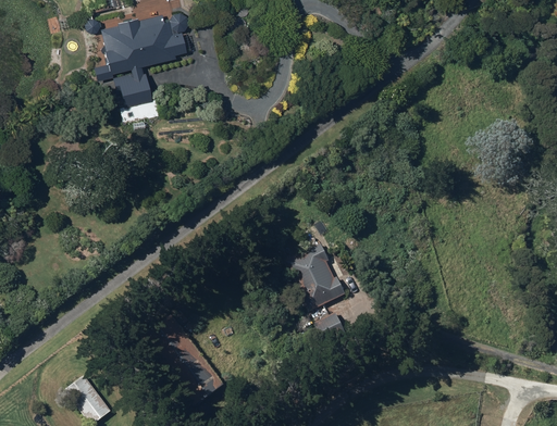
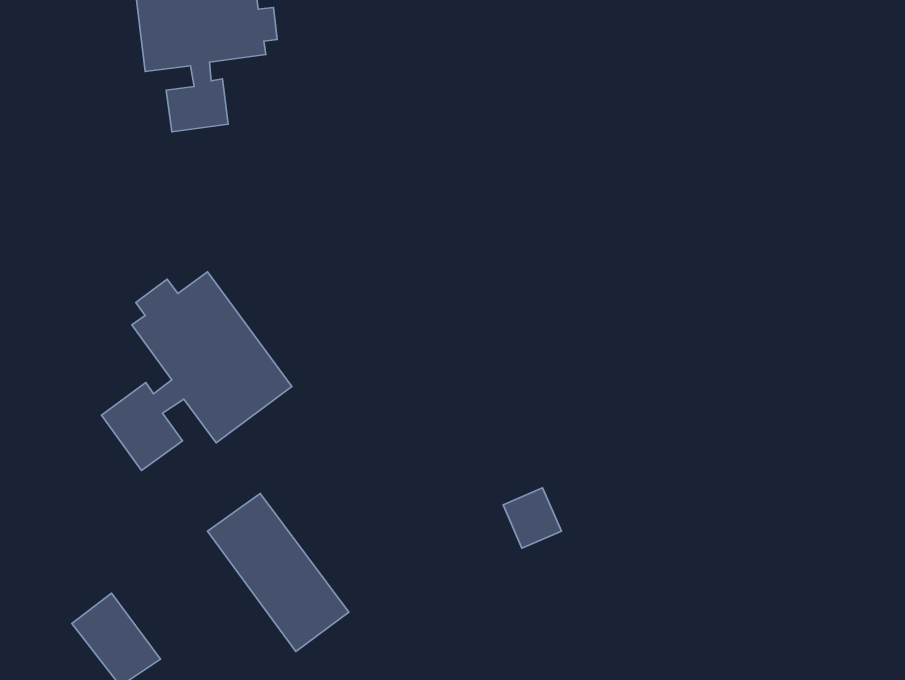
building: none -> [102,272,292,470]
building: [285,243,344,311] -> none

